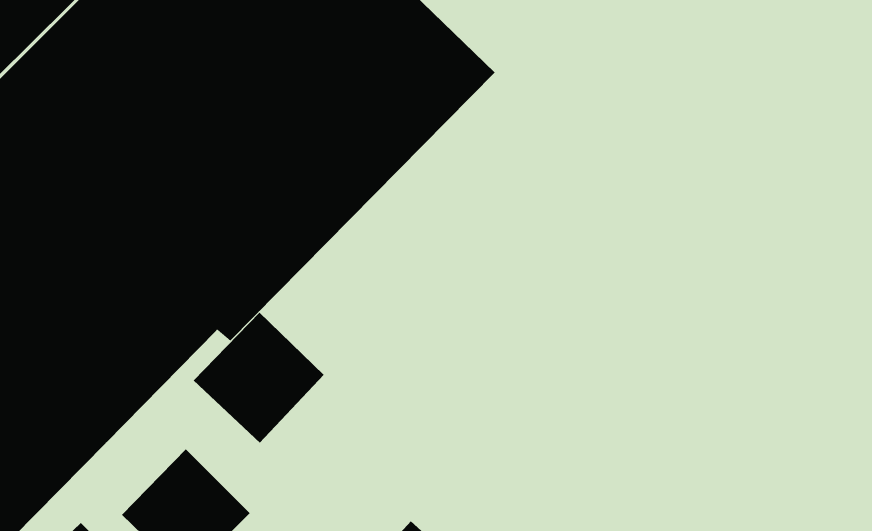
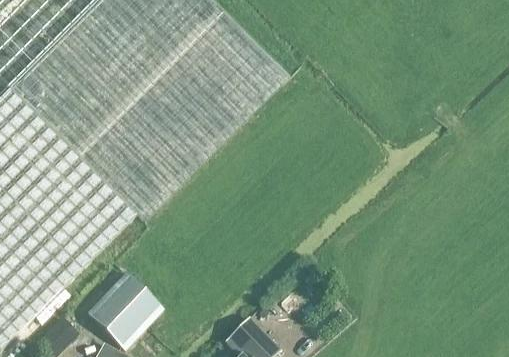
building: [193,312,325,443] -> none

